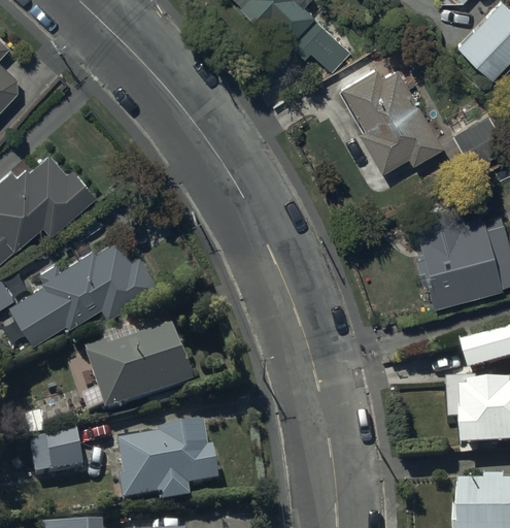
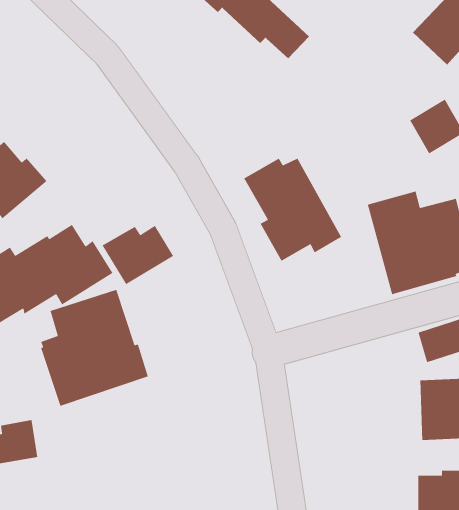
building: [343,69,442,173] -> [243,157,342,262]
building: none -> [101,225,174,285]
building: [121,432,219,512] -> none

